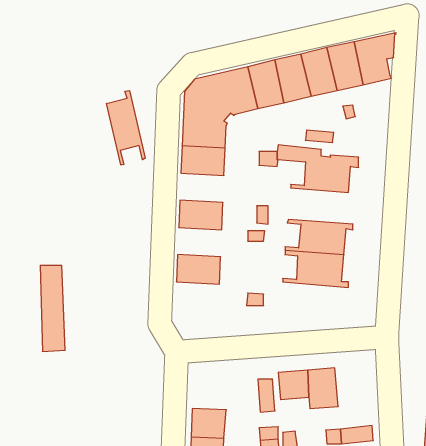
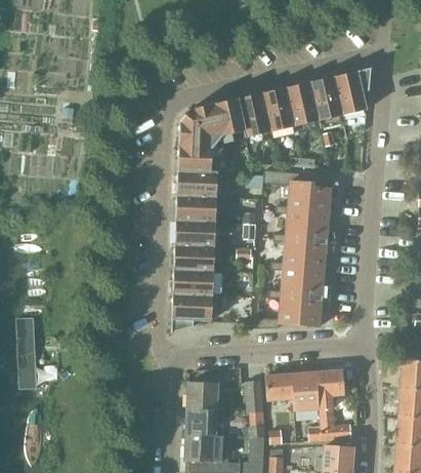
building: [107,91,145,165] -> none
building: none -> [176,195,216,222]
building: none -> [275,208,334,241]
building: none -> [174,244,214,271]
building: [40,265,65,351] -> [18,321,41,399]
building: none -> [171,293,212,332]
building: none -> [258,293,329,328]
building: none -> [317,369,345,406]
building: none -> [187,383,219,409]

